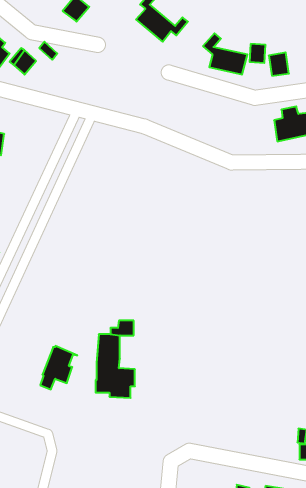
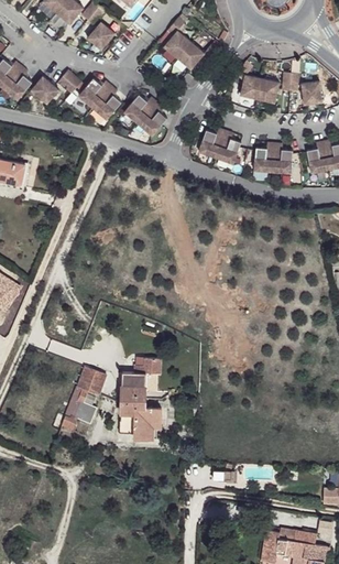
building: none -> [77,77,121,119]
building: none -> [122,94,165,135]
building: none -> [196,126,239,163]
building: none -> [252,140,291,173]
building: none -> [78,368,108,395]

